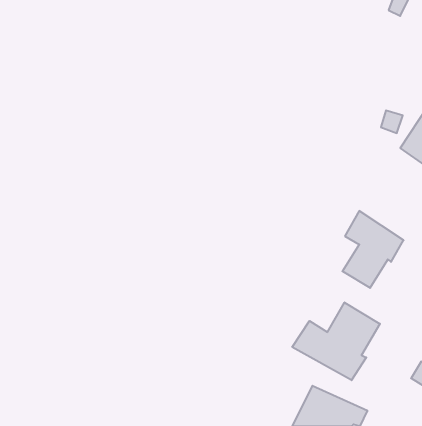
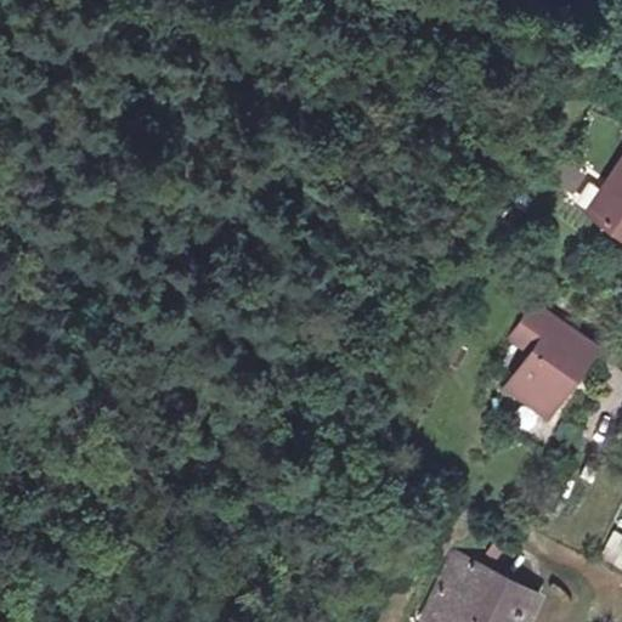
building: [292,302,380,380] -> none

